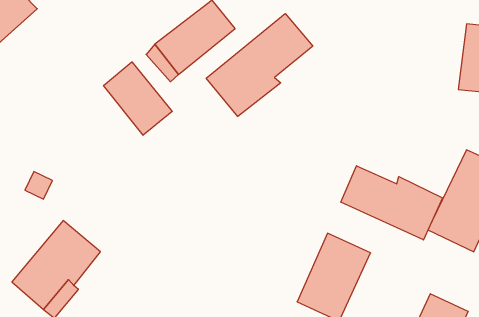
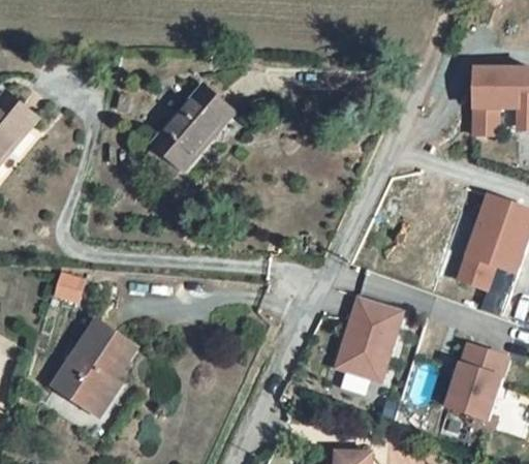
building: [206,14,313,116] -> none
building: [104,62,172,135] -> none
building: [341,166,442,240] -> none

